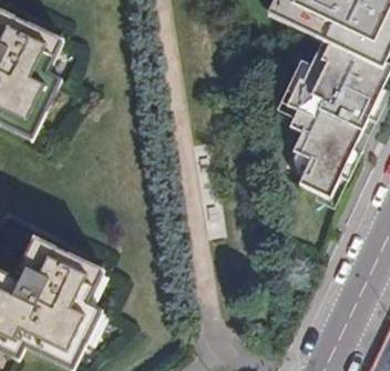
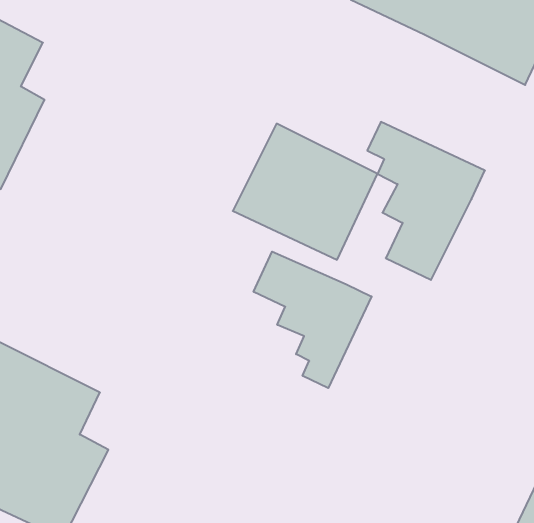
building: [286,33,381,123] -> [233,124,377,260]
building: none -> [254,252,372,388]

